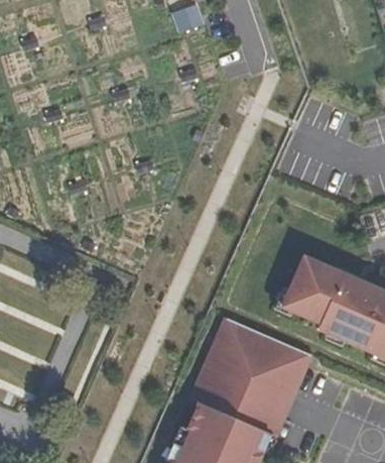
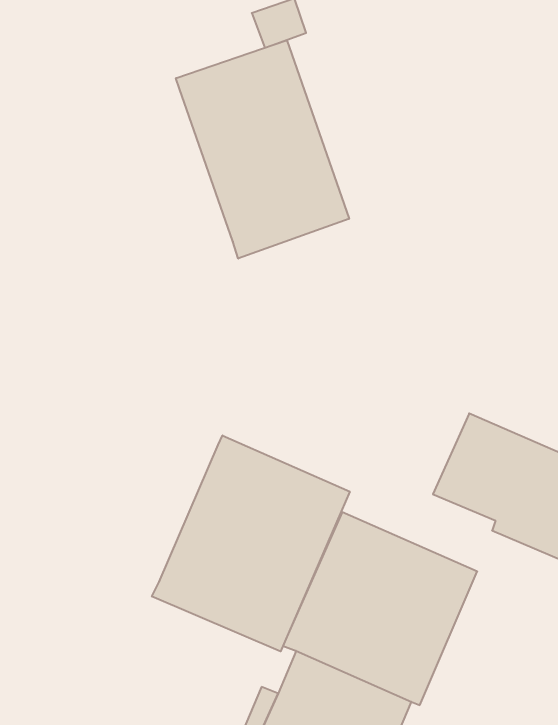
building: none -> [176,40,349,259]
building: none -> [152,435,350,651]

